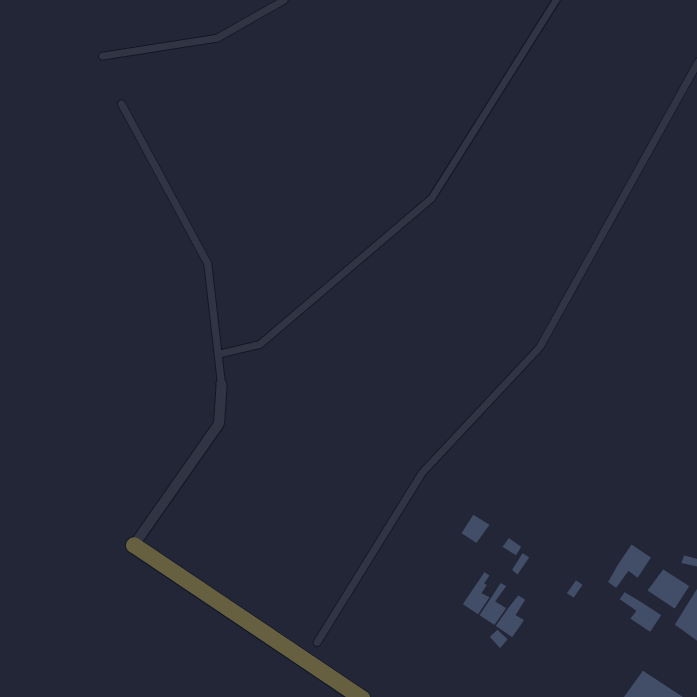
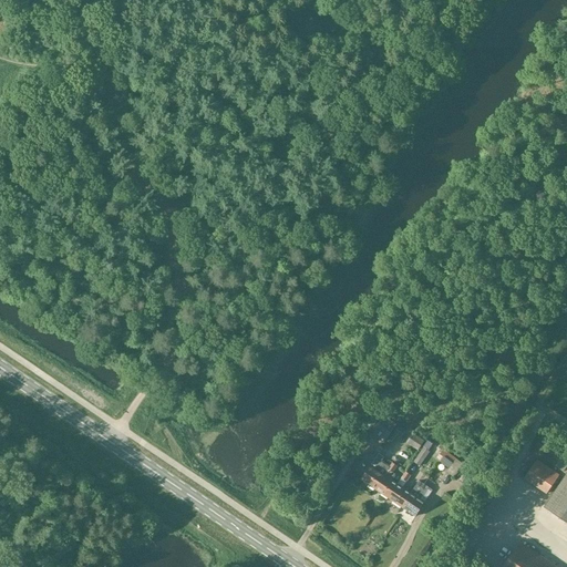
building: [607,544,652,589] -> none
building: none -> [362,455,391,491]
building: [619,591,662,633] -> none

